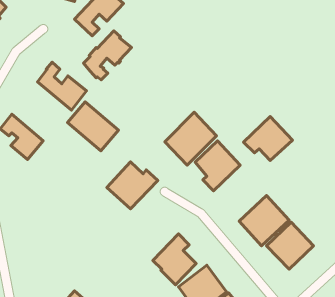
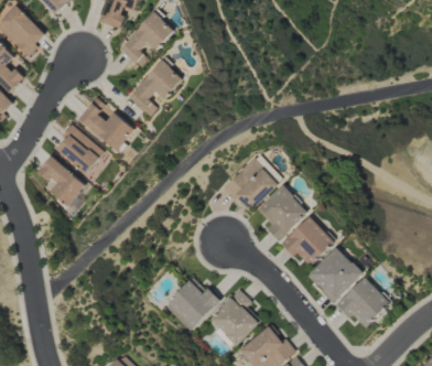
building: [67,102,118,151] -> [53,125,110,180]
building: [244,117,293,161] -> [280,215,335,265]
building: [107,162,158,209] -> [162,278,219,331]

